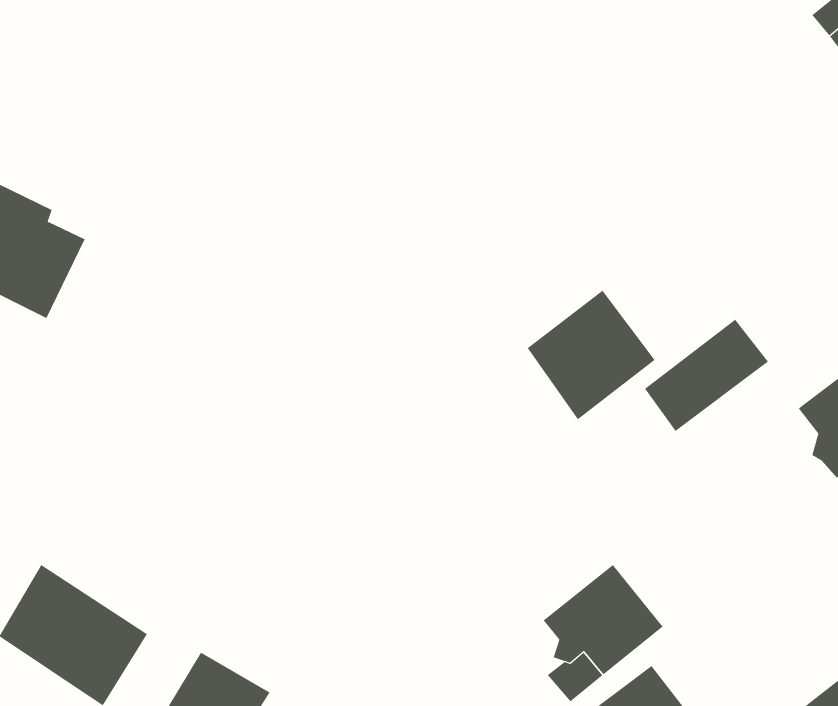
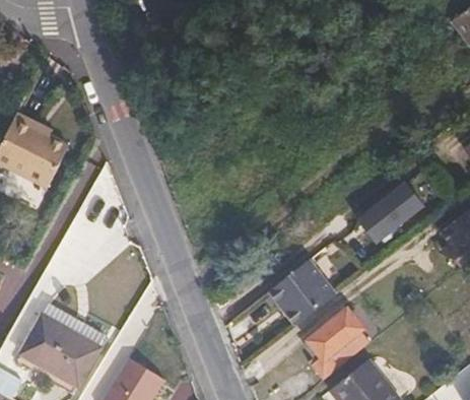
building: [527,290,655,420] -> [269,258,336,326]

